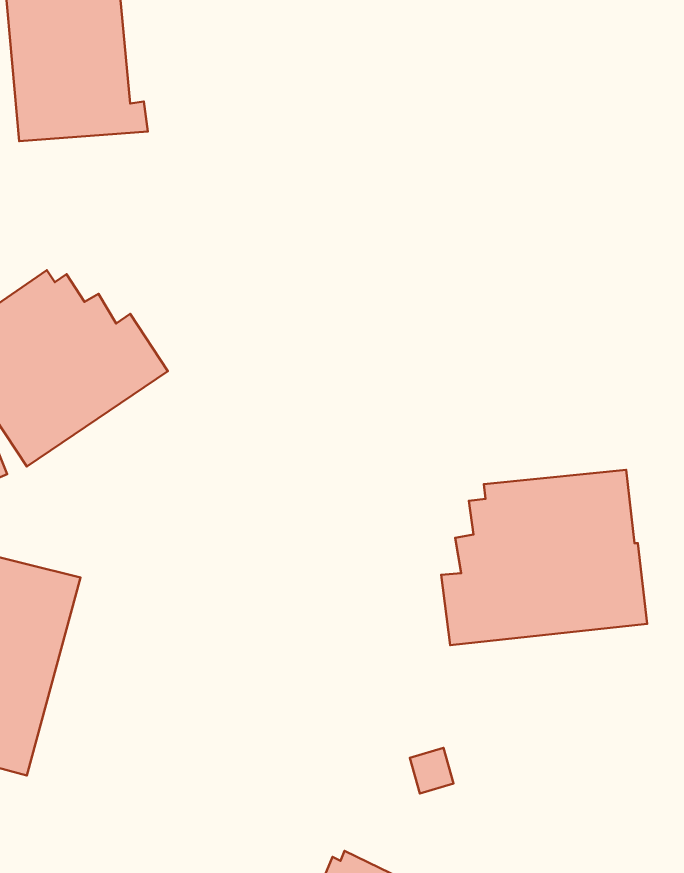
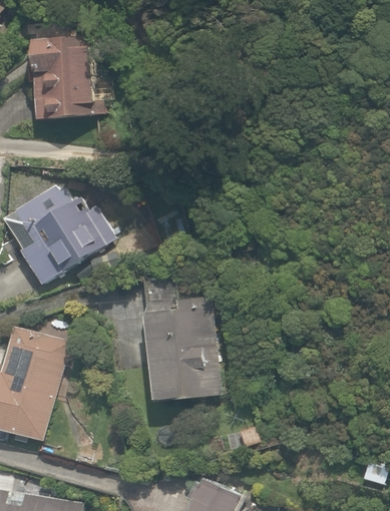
building: [441,470,647,645] -> none
building: none -> [144,296,220,401]

